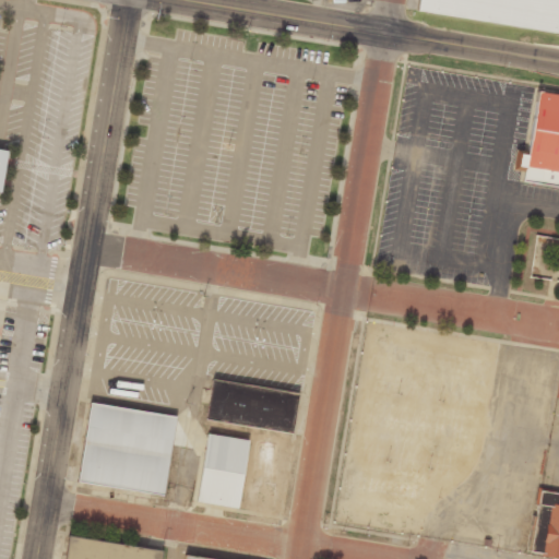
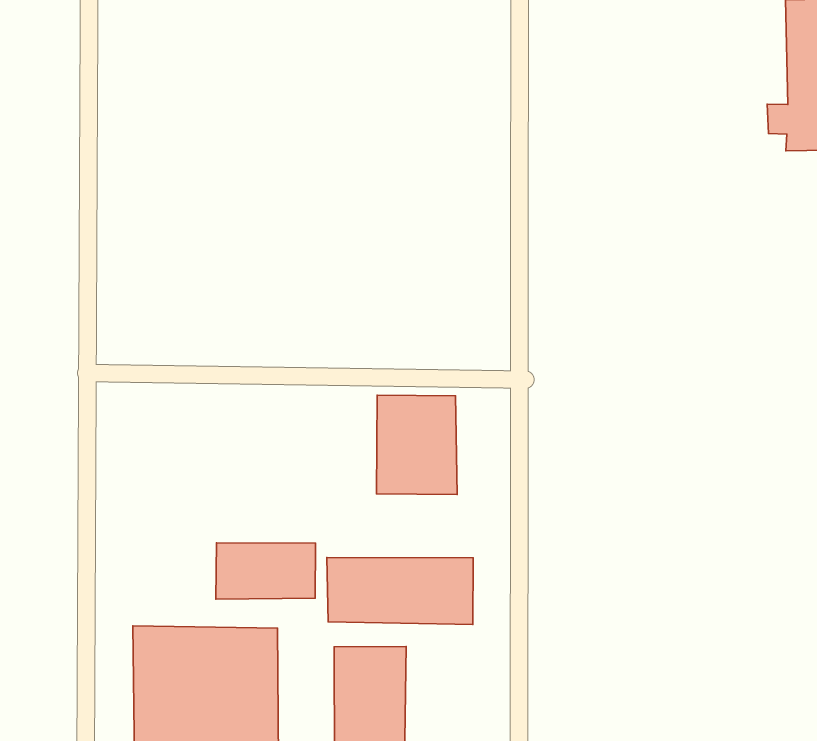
building: none -> [377,395,457,495]
building: none -> [216,543,315,599]

